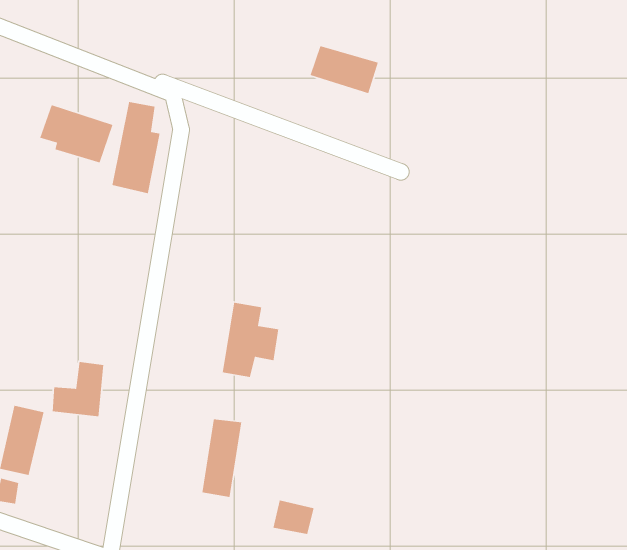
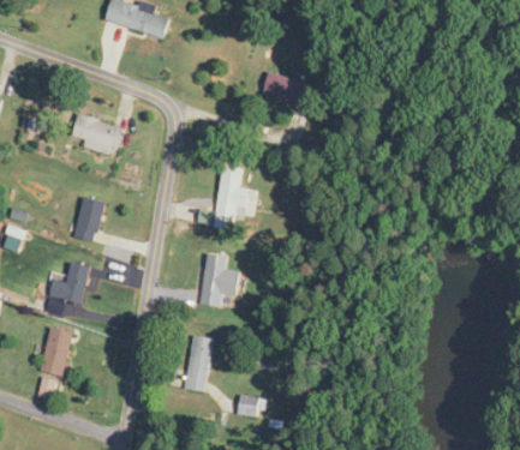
building: [111,101,160,194] -> [211,166,246,232]
building: none -> [70,196,106,242]
building: [52,361,104,417] -> [50,263,88,302]

